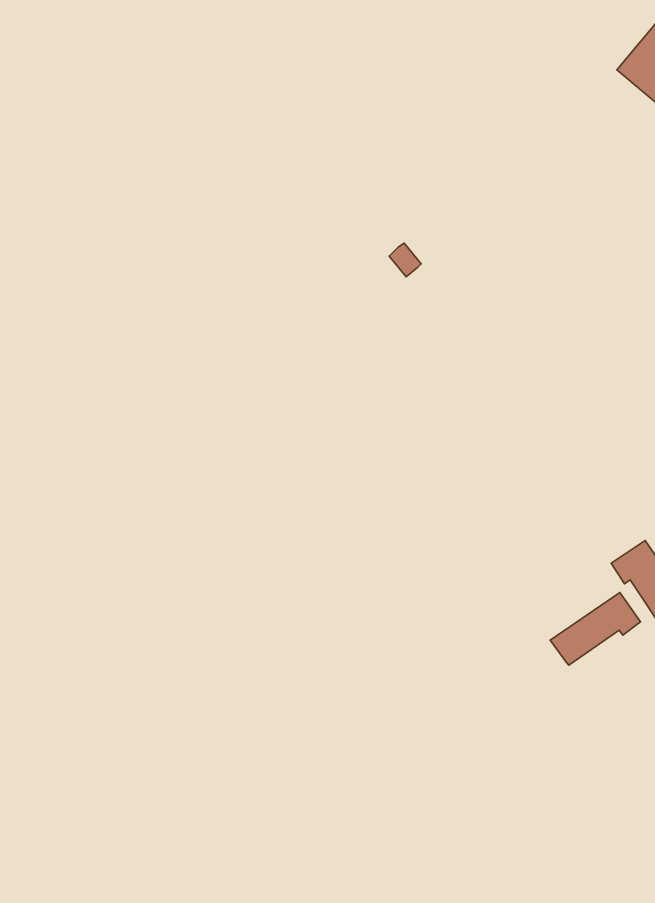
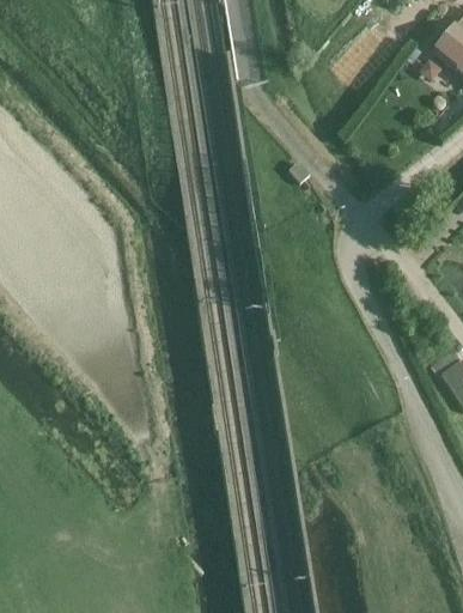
building: [550,592,641,665] -> none

